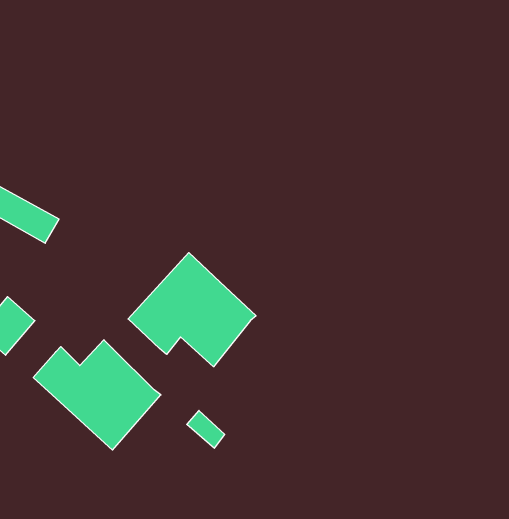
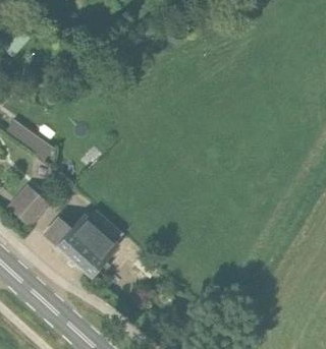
building: [128,253,256,367] -> none

